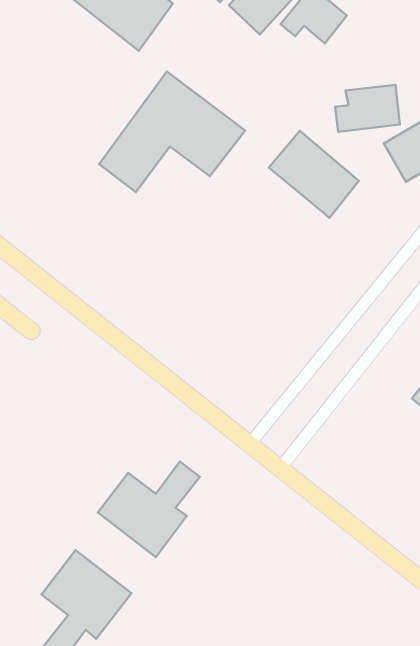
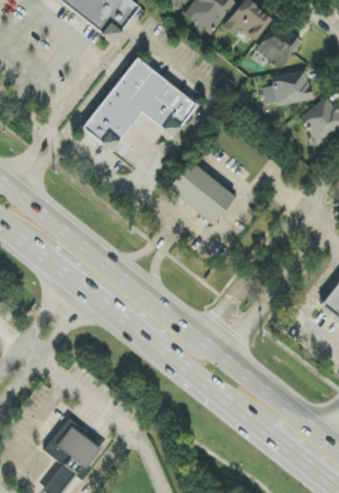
building: none -> [255,23,300,68]
building: [269,131,359,218] -> [165,160,232,224]
building: [98,462,200,557] -> none

